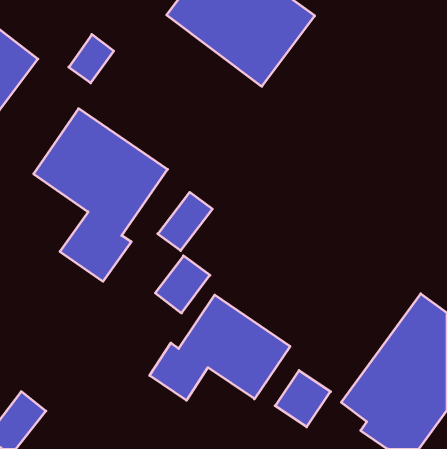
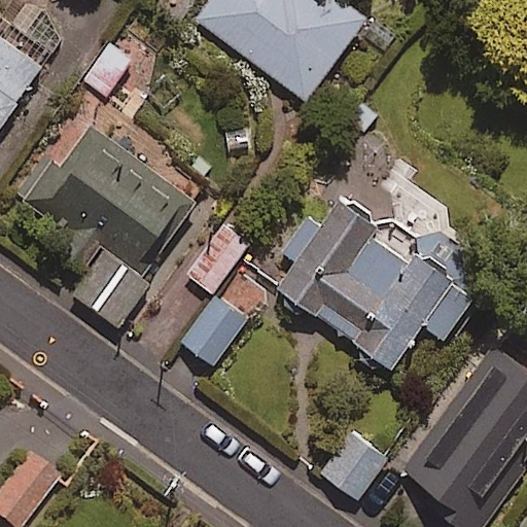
building: none -> [264,190,472,371]
building: [150,295,290,400] -> none

